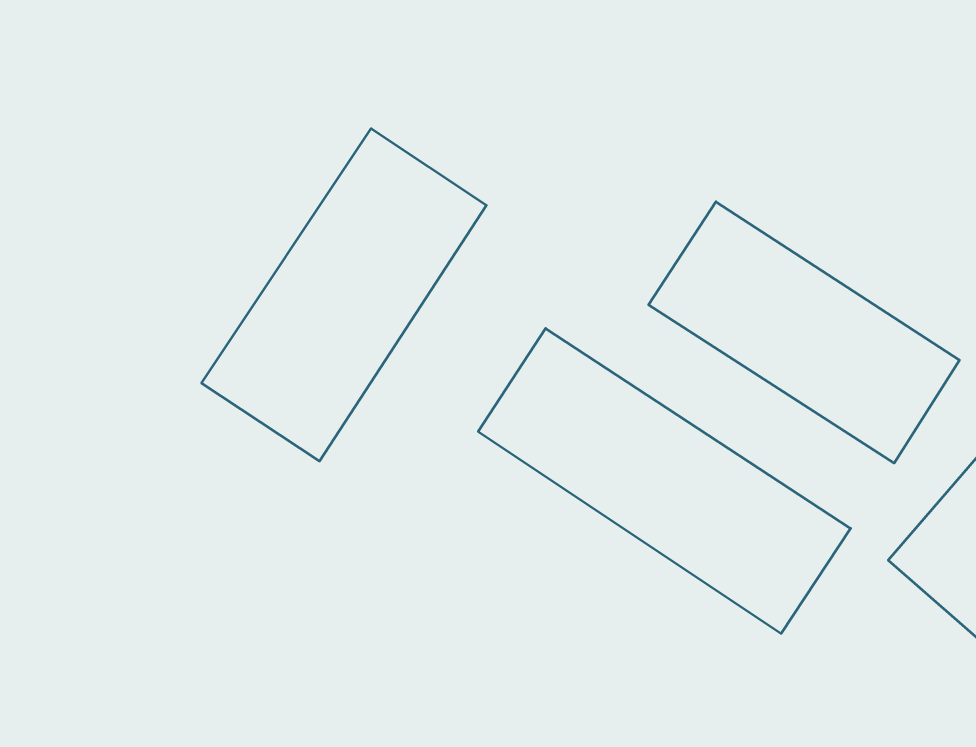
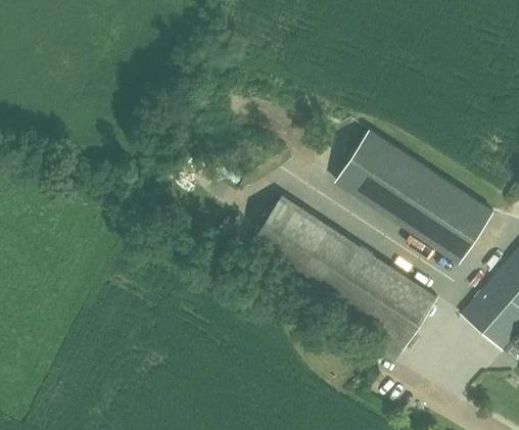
building: [202,129,486,461] -> none

